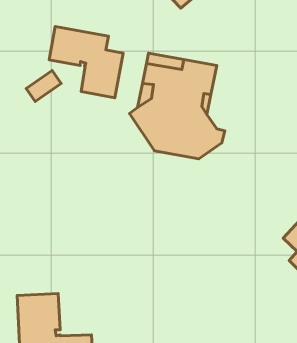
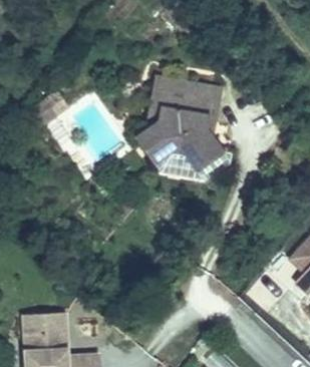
building: [49,27,123,98] -> none

